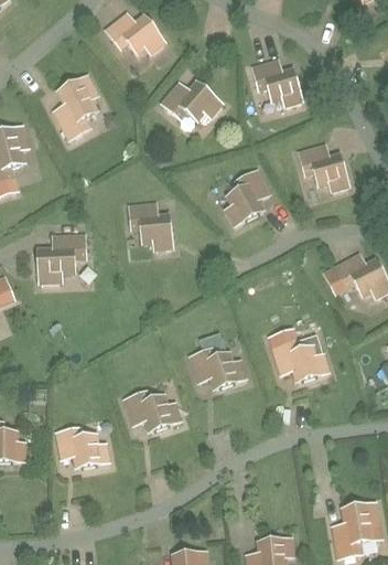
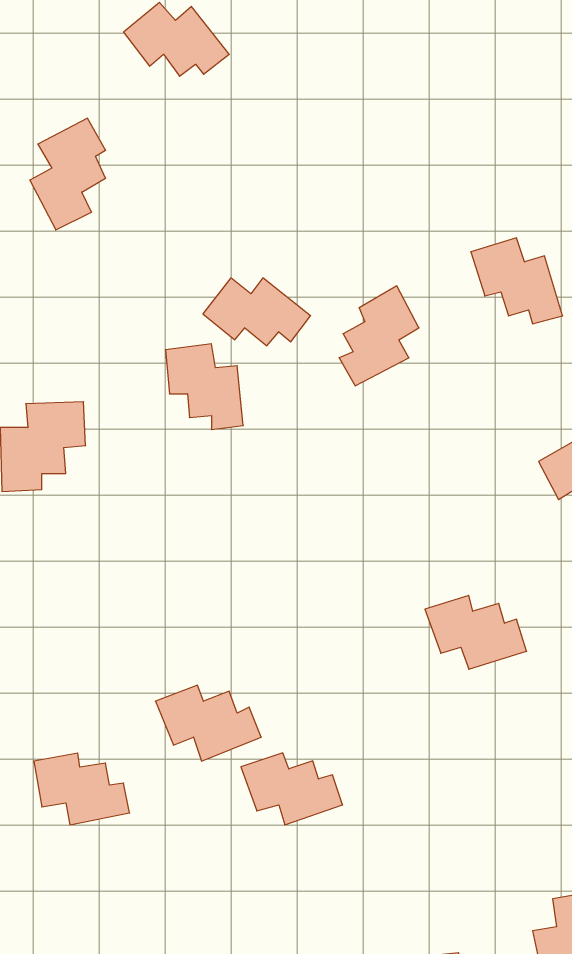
building: [252,60,301,107] -> none
building: [162,83,222,120] -> [203,278,311,346]
building: [190,349,246,388] -> [241,753,343,825]

